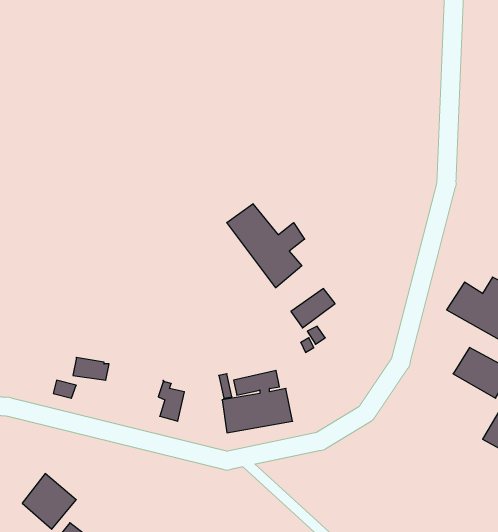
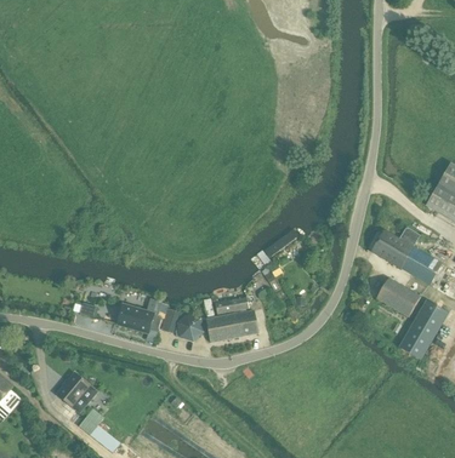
building: [227,204,305,288] -> none
building: none -> [116,303,154,333]
building: none -> [177,313,205,340]

